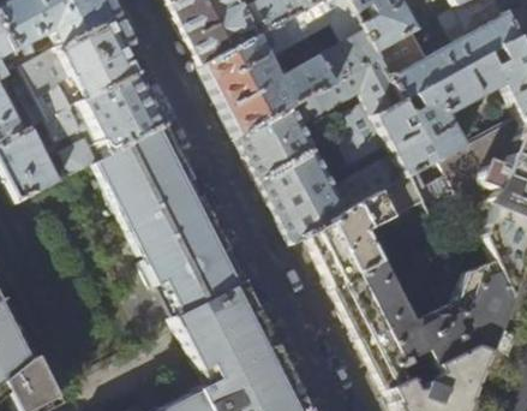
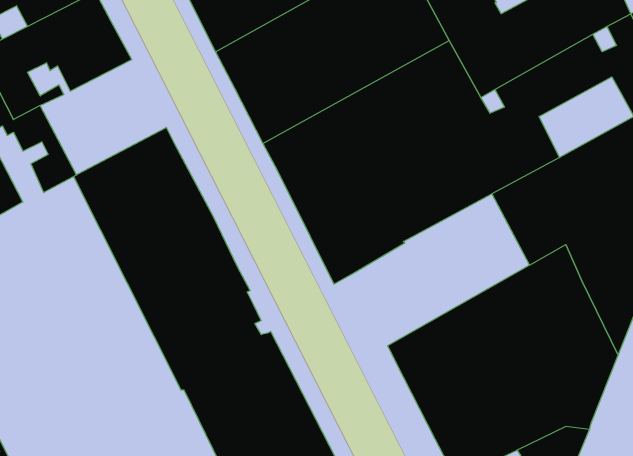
building: [72,72,168,160] -> none
building: [309,174,444,290] -> none

